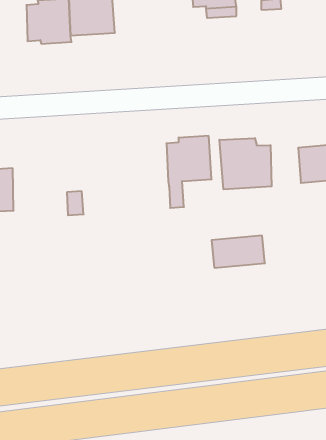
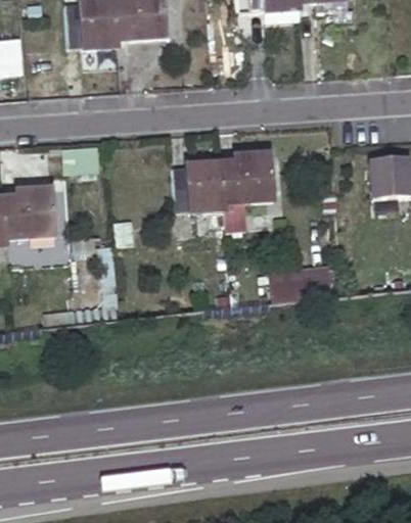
building: [219,138,272,189] -> none
building: none -> [175,159,227,209]

